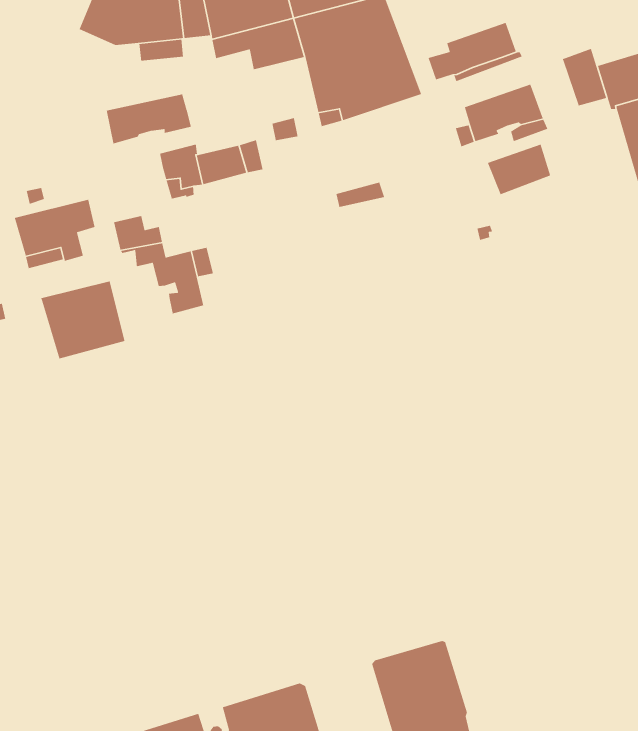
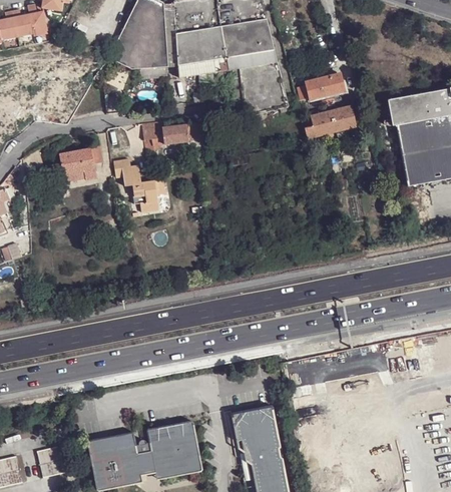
building: [562,48,607,106] -> none
building: [106,93,192,145] -> none
building: [487,144,551,196] -> none
building: [40,280,125,359] -> none

